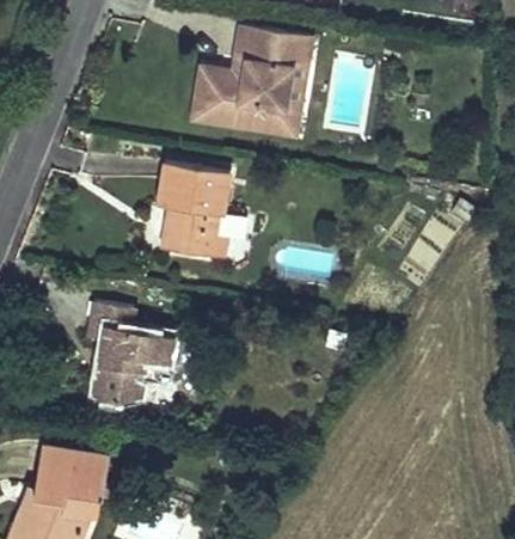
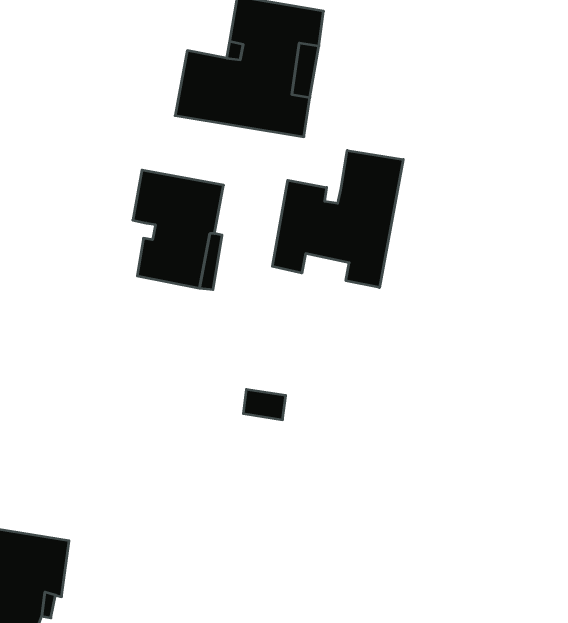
building: none -> [272,150,403,288]
building: [81,302,176,418] -> none

